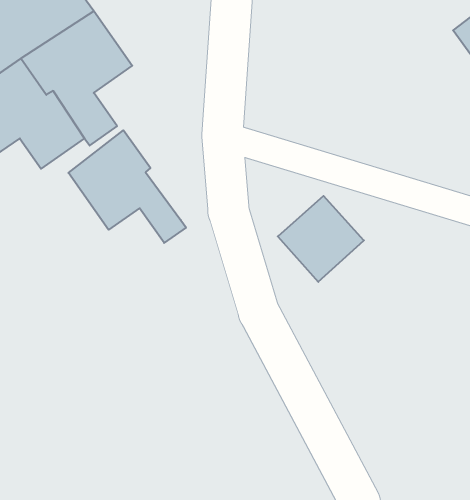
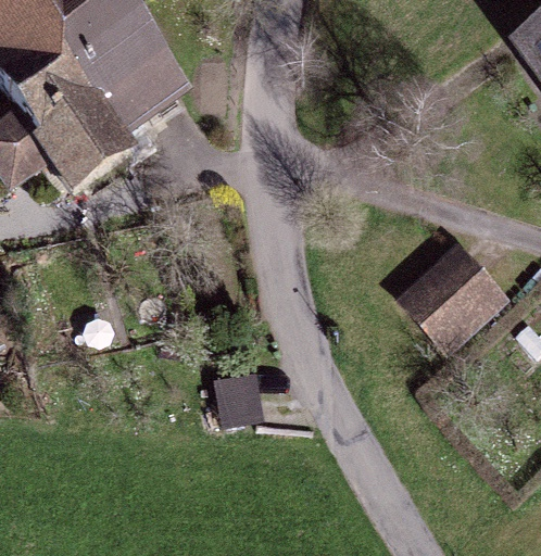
building: [68,130,186,243] -> none
building: [278,196,364,282] -> [405,250,498,342]

